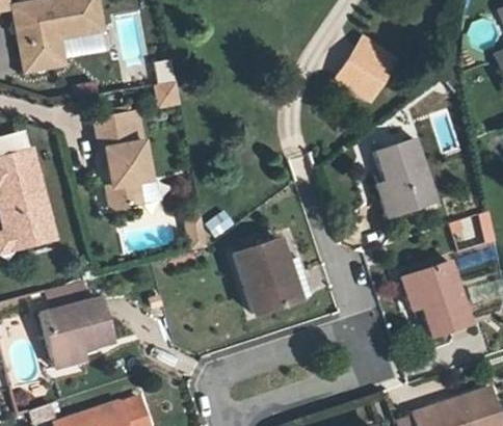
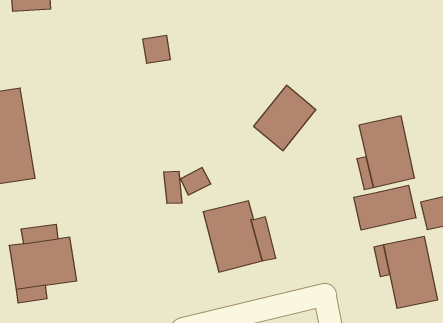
building: [335,38,396,105] -> [254,85,316,151]
building: [96,111,151,209] -> none
building: none -> [354,185,416,230]

